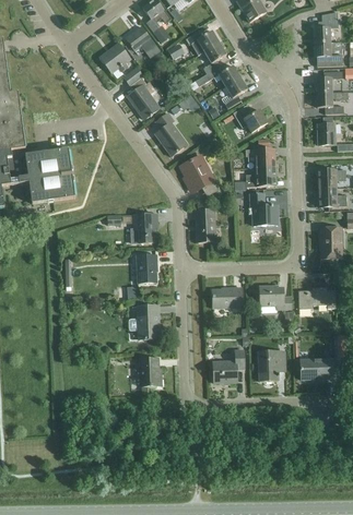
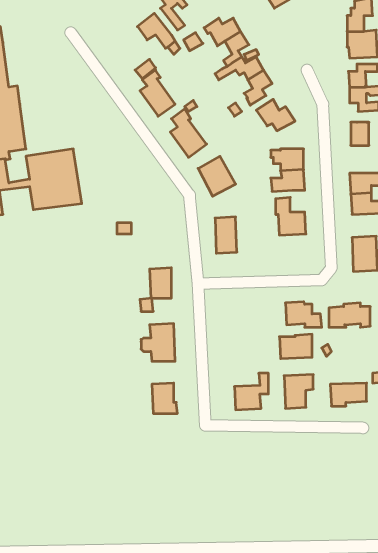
building: [98,43,130,72] -> none
building: [131,213,156,242] -> none
building: [212,286,242,308] -> [279,334,312,359]

